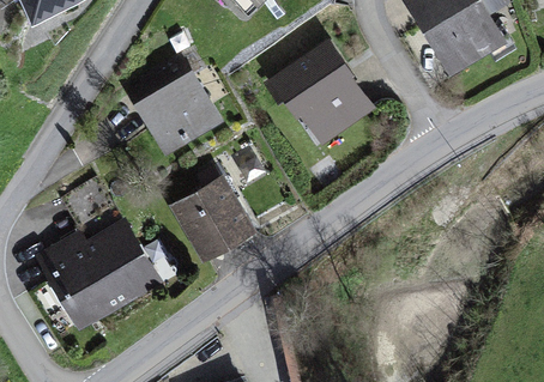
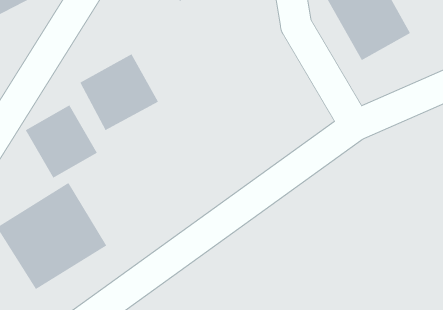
building: [274,41,374,146] -> none
building: [171,175,253,257] -> [25,104,98,179]

